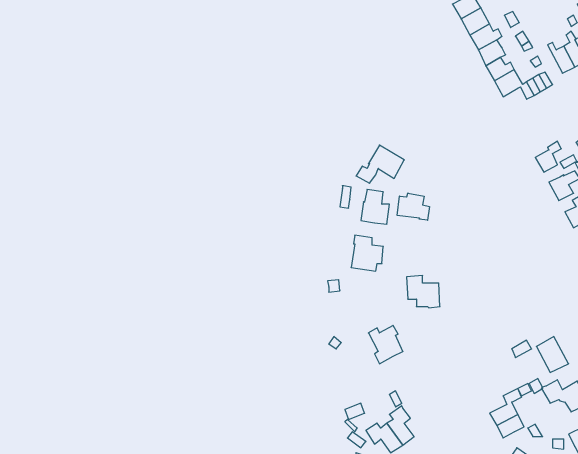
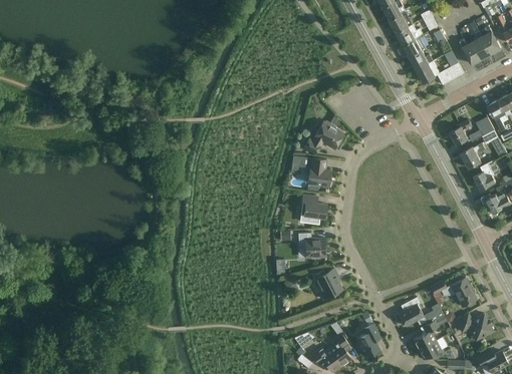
building: [397,193,429,220] -> none
building: [407,276,440,308] -> [298,233,325,259]
building: none -> [399,298,427,327]
building: none -> [357,317,379,357]

